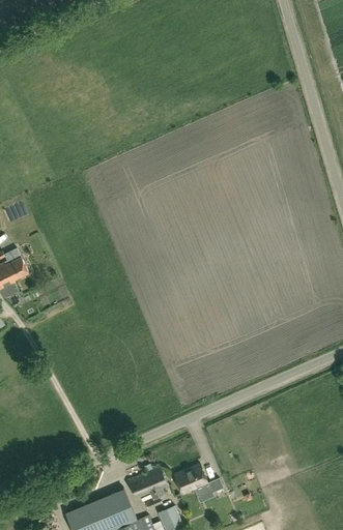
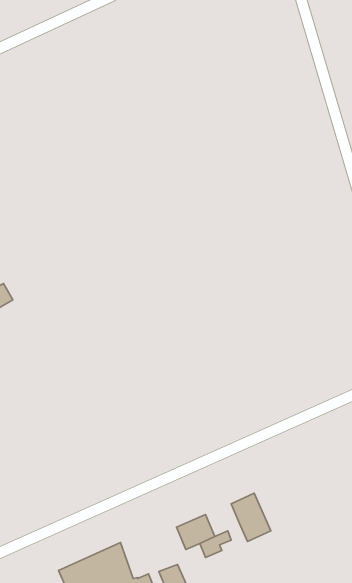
building: none -> [231,493,271,541]
building: [127,467,169,509] -> none

